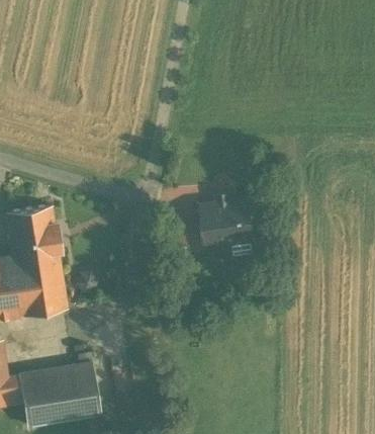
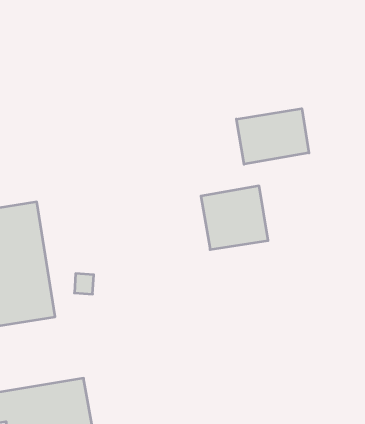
building: none -> [236,109,309,164]

